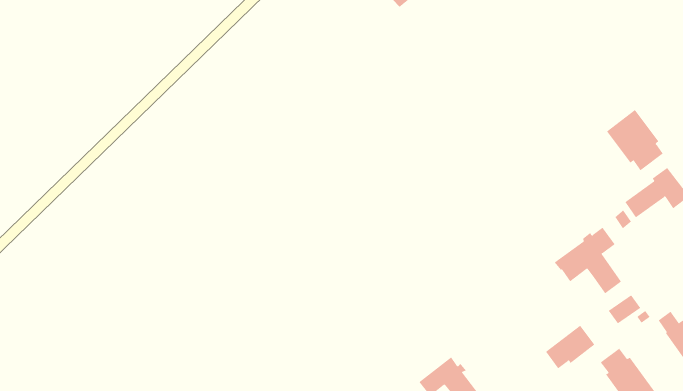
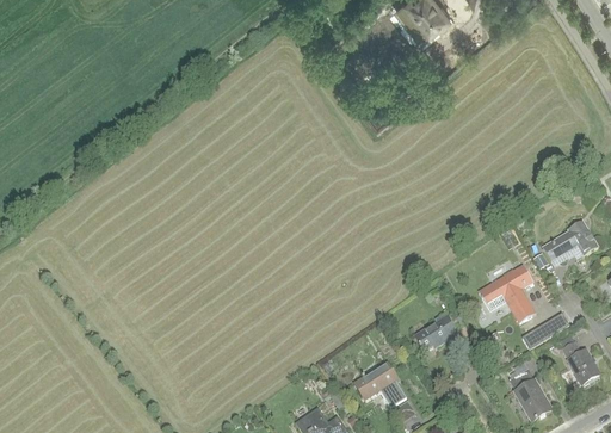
building: [606,109,663,171] -> none
building: [545,325,595,369] -> [415,316,458,352]

